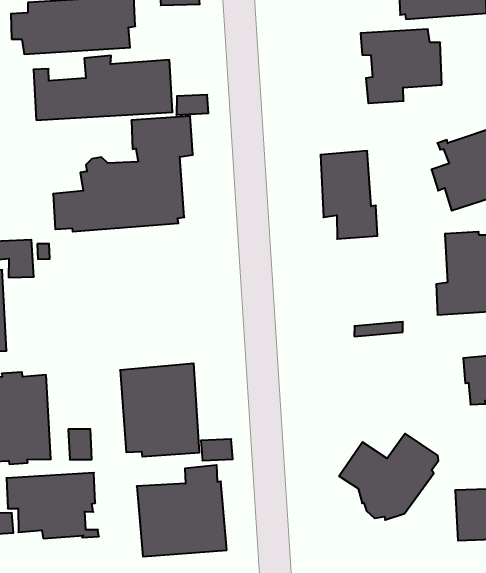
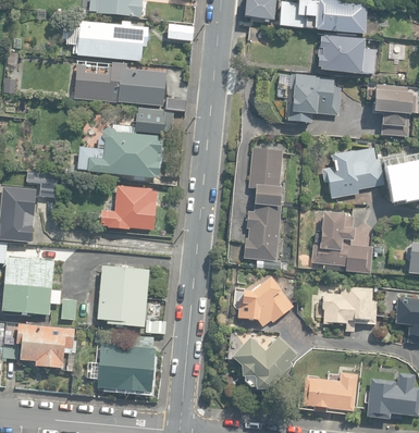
building: none -> [244,203,281,260]
building: none -> [100,184,157,228]
building: none -> [238,275,294,326]

